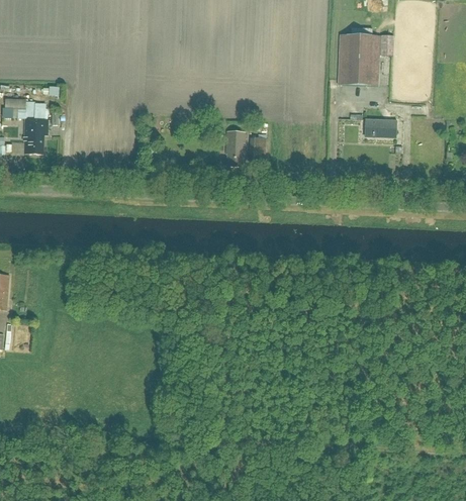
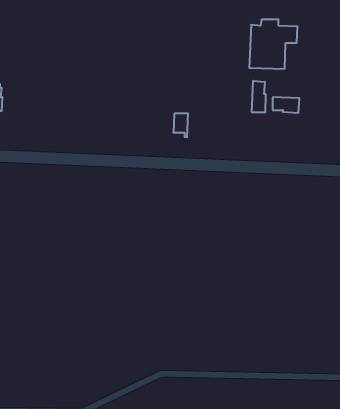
building: none -> [252,81,266,113]
building: [224,129,244,165] -> none

